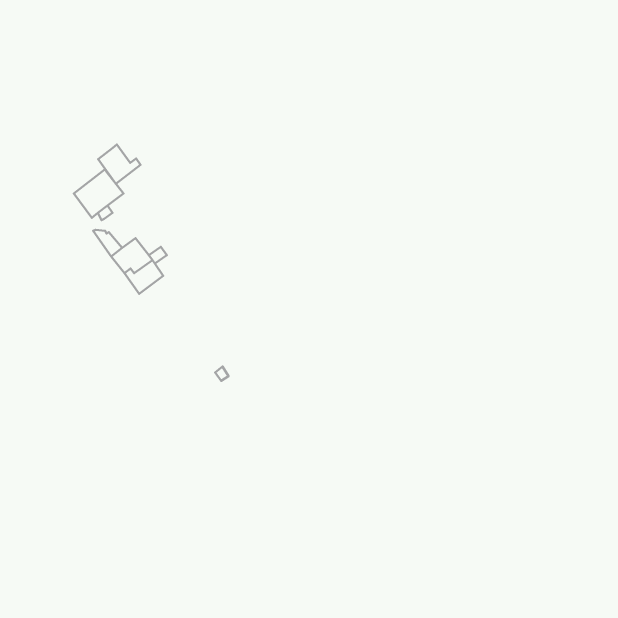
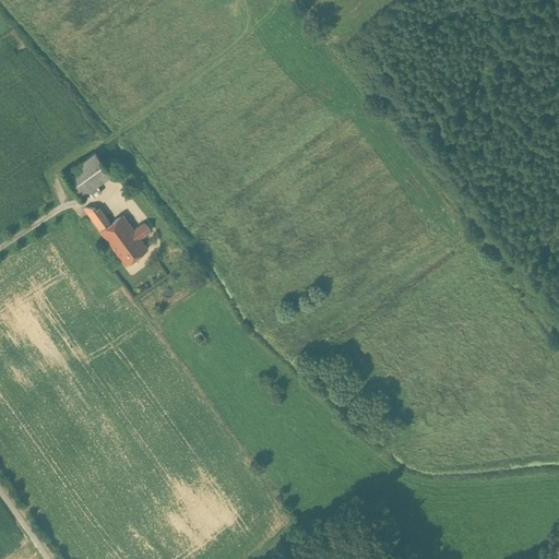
building: [98,145,141,184] -> none

